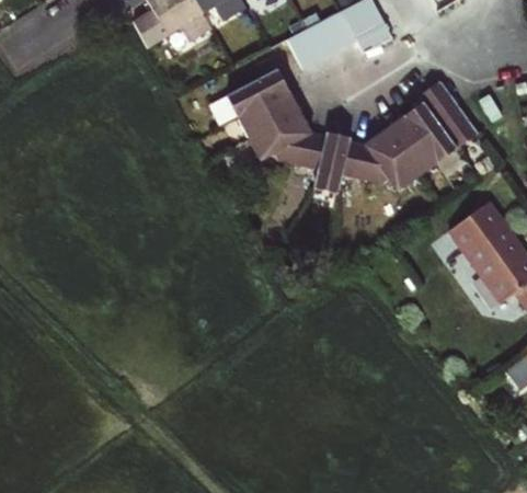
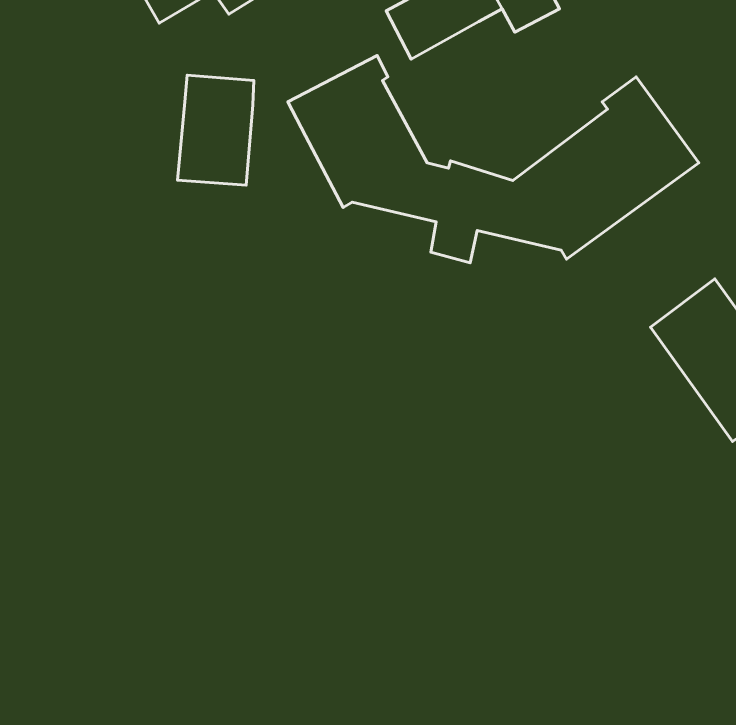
building: none -> [177,75,254,185]

